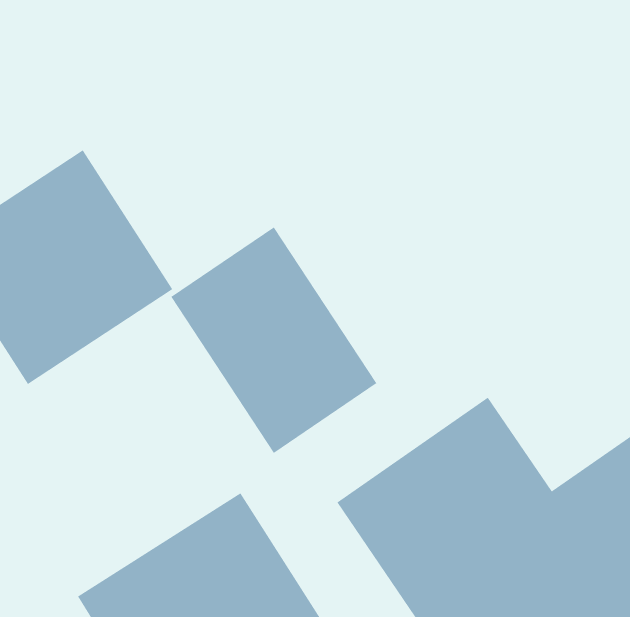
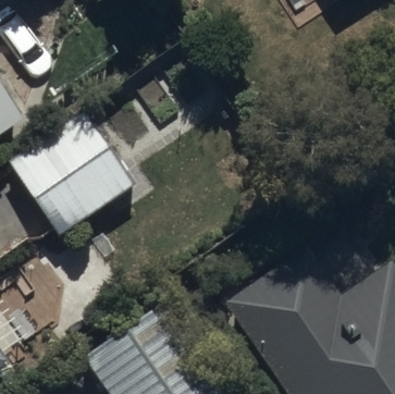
building: [170,226,377,454] -> none

